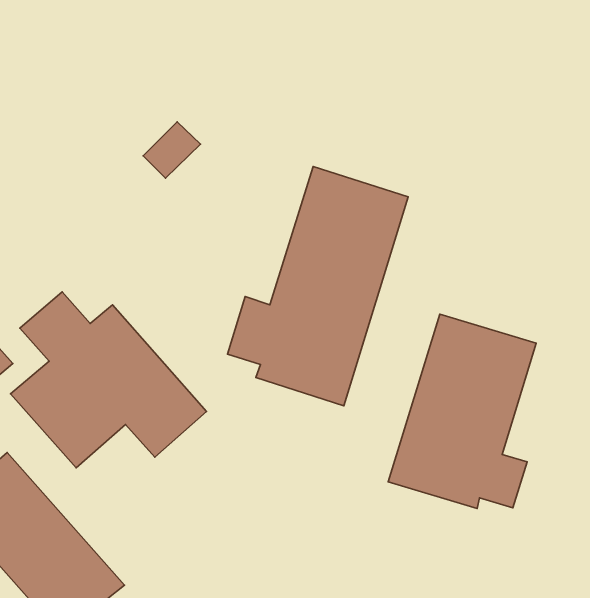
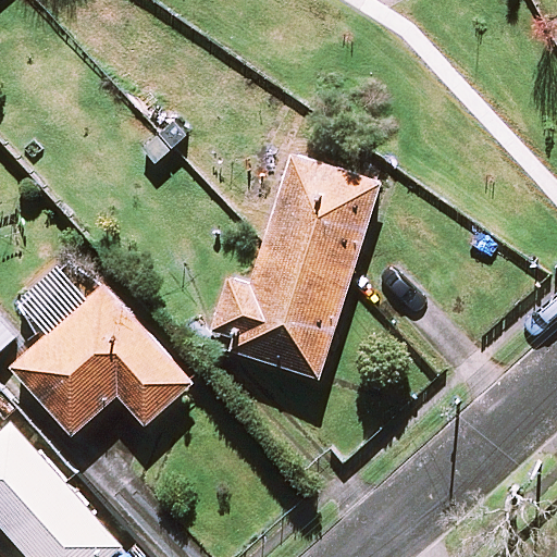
building: [388,314,536,509] -> none

